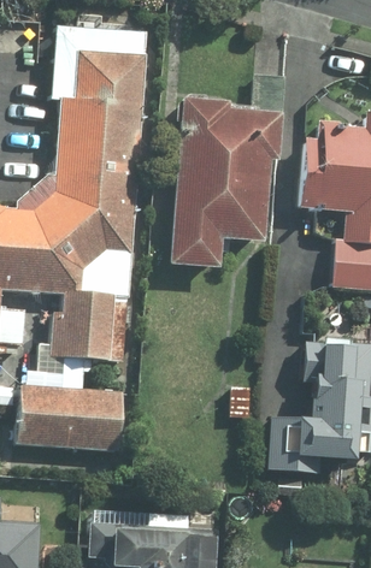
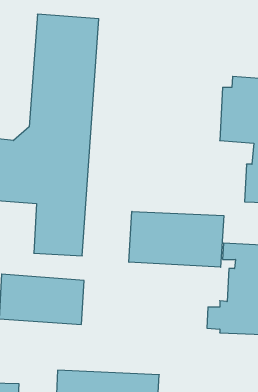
building: [172,99,275,270] -> none
building: none -> [129,211,224,267]

